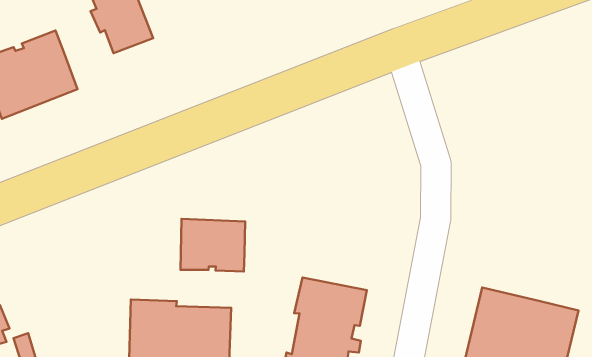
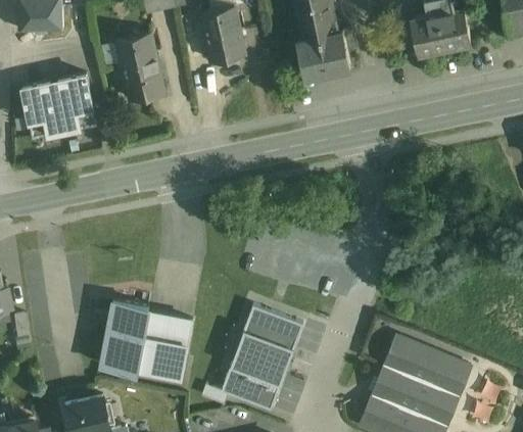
building: [180,219,245,271] -> none

